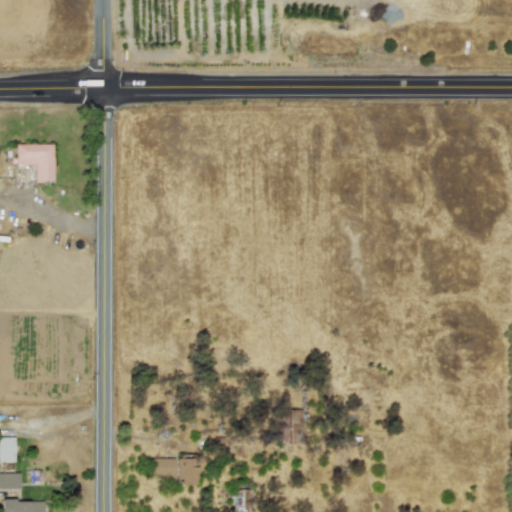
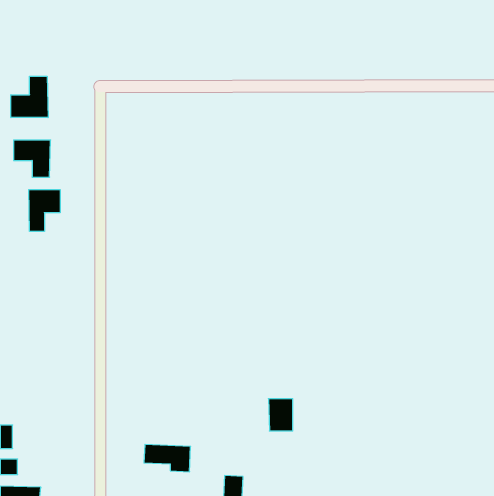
building: none -> [11,76,48,118]
building: none -> [29,190,60,231]

